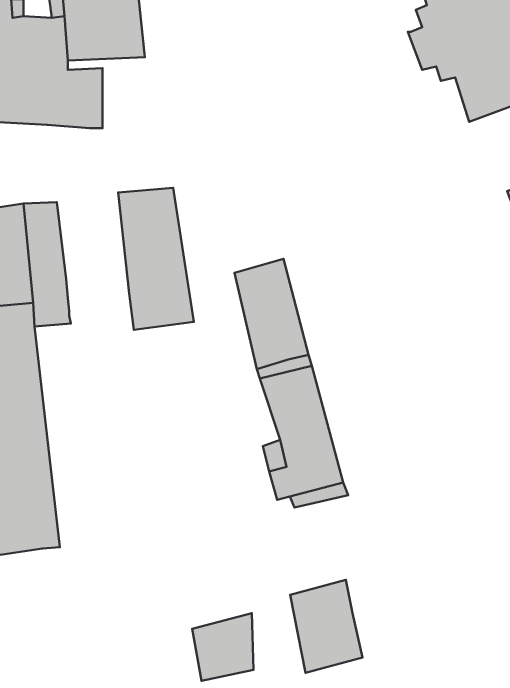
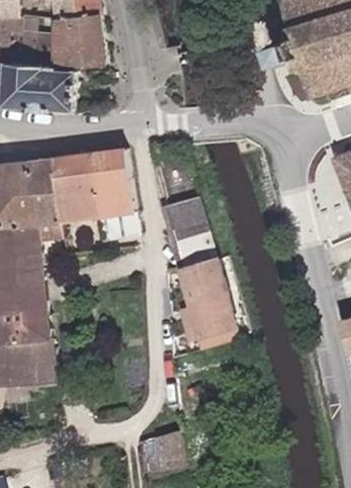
building: none -> [49,154,96,221]
building: [290,580,362,673] -> none

